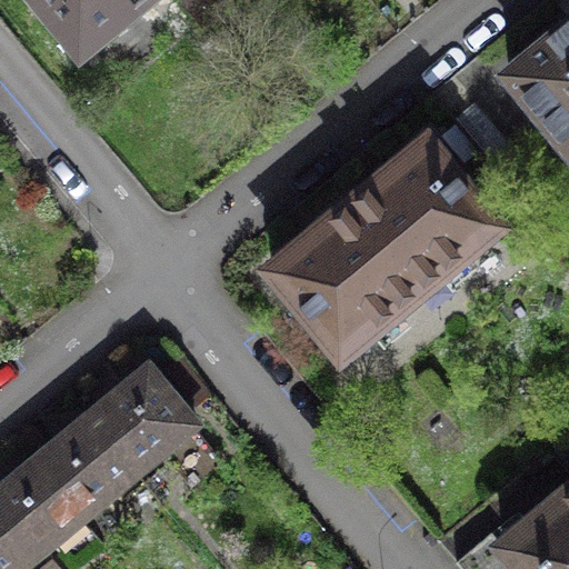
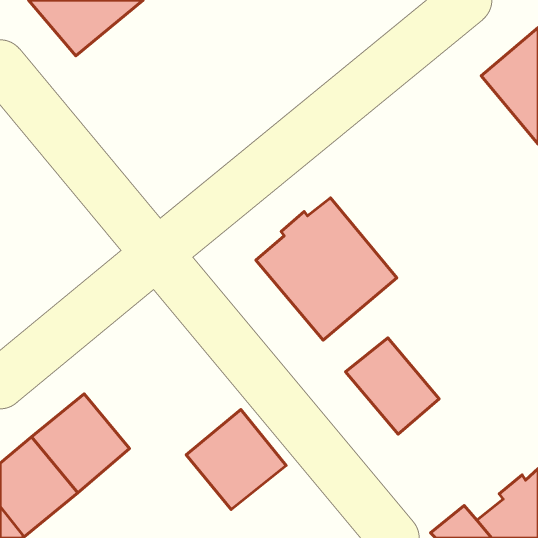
building: [349,146,496,293] -> none
building: none -> [346,338,439,434]
building: [89,368,194,473] -> [186,410,286,510]

